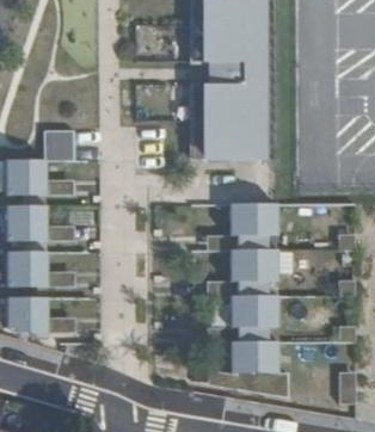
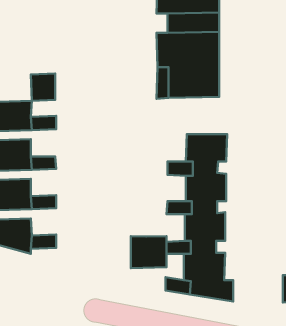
building: none -> [131,236,166,268]

